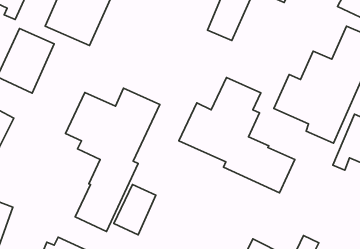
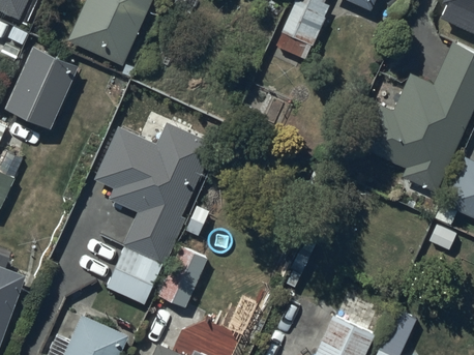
building: [179,77,295,193] -> none

